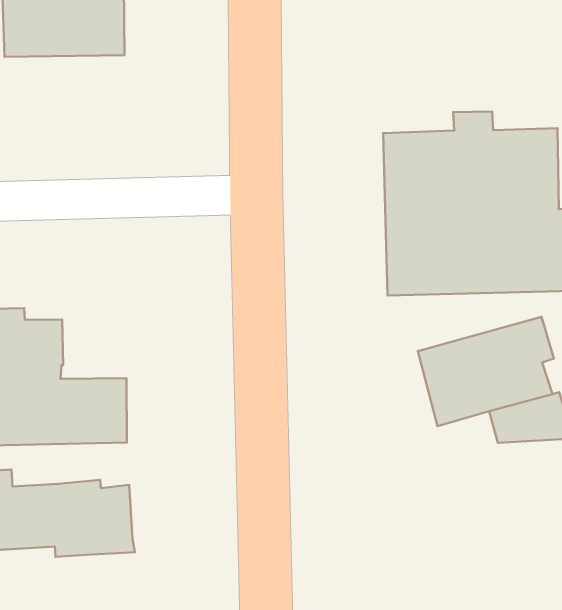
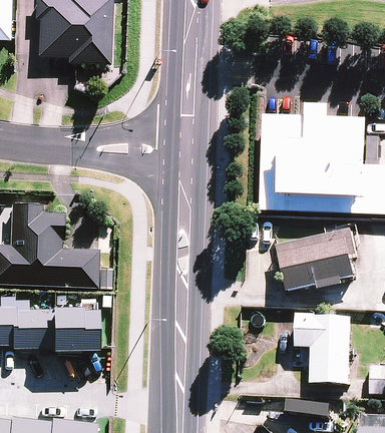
building: none -> [293,314,350,382]

